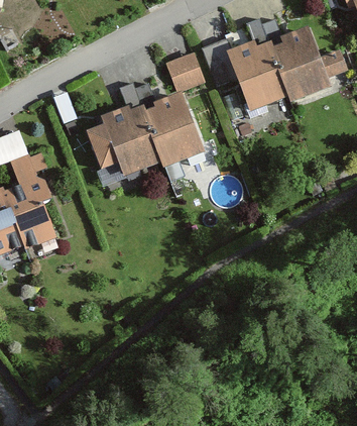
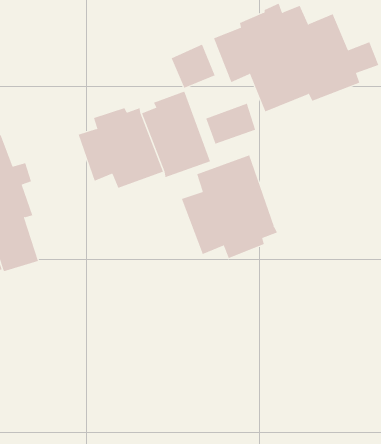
building: none -> [205,103,256,145]
building: none -> [181,155,278,259]

